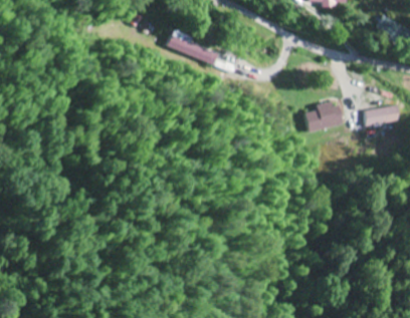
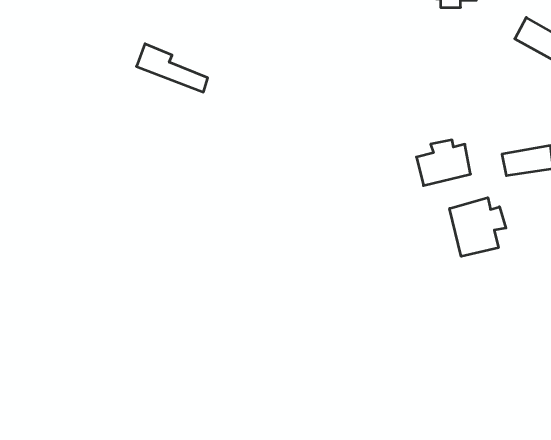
building: [167,30,217,64] -> [136,44,208,92]
building: none -> [450,198,506,256]

